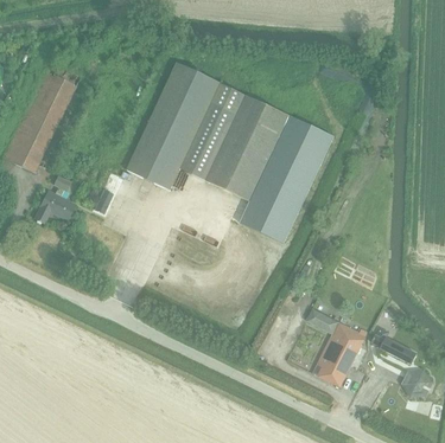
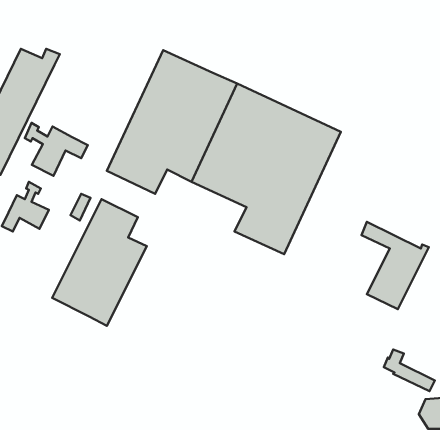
building: none -> [25,123,88,176]
building: none -> [52,199,147,326]
building: [307,309,367,386] -> [362,222,429,309]

